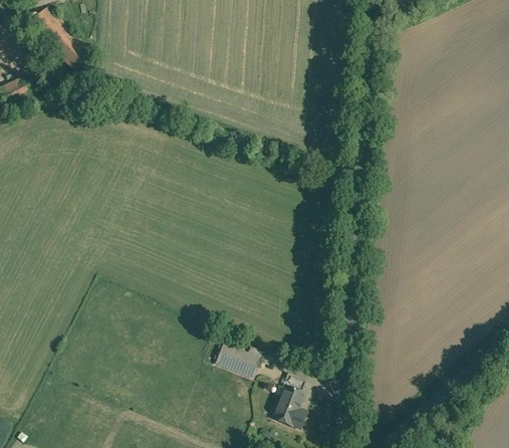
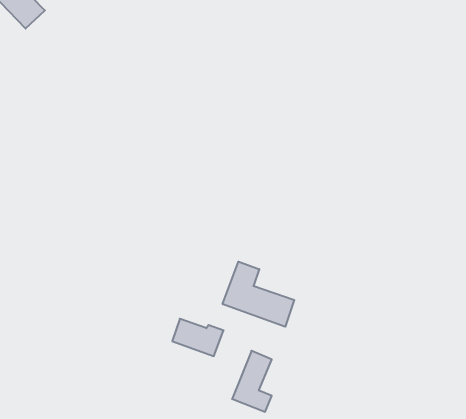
building: none -> [223,262,294,327]

